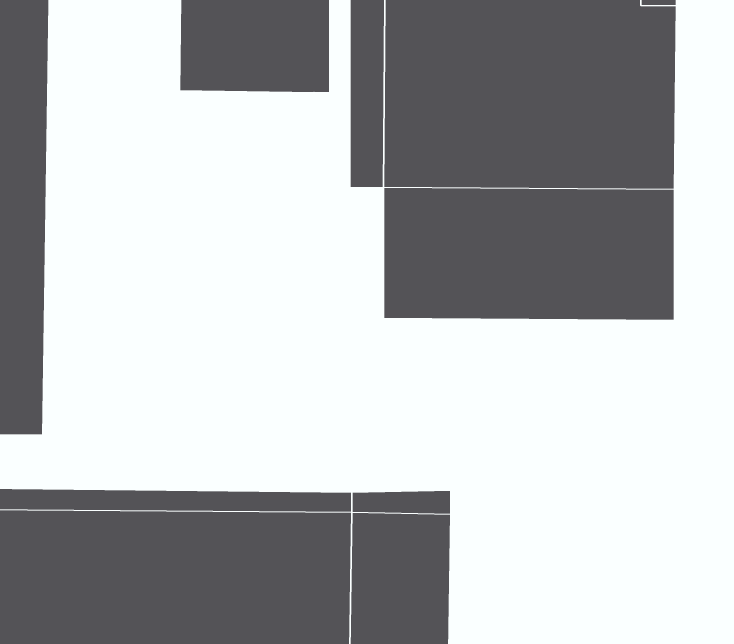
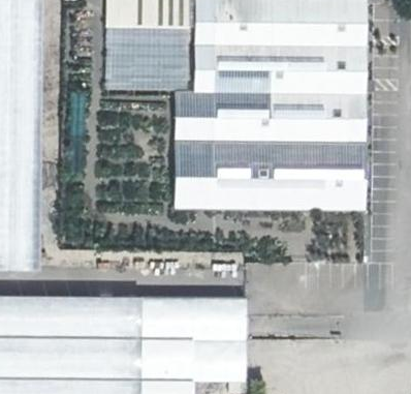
building: none -> [177,89,214,207]

